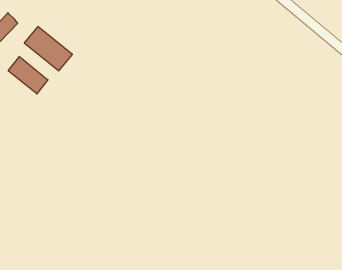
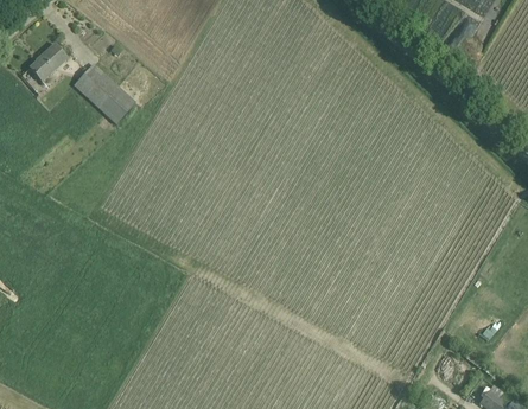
building: [8,57,48,94] -> none

